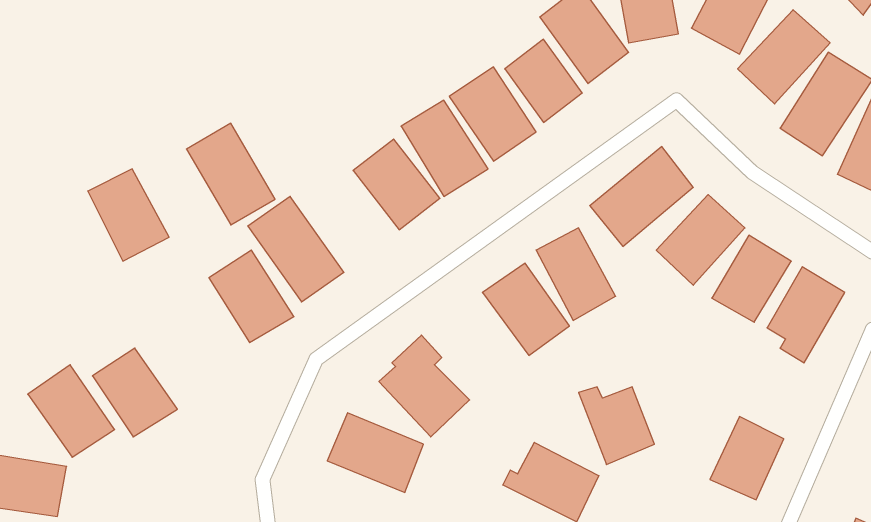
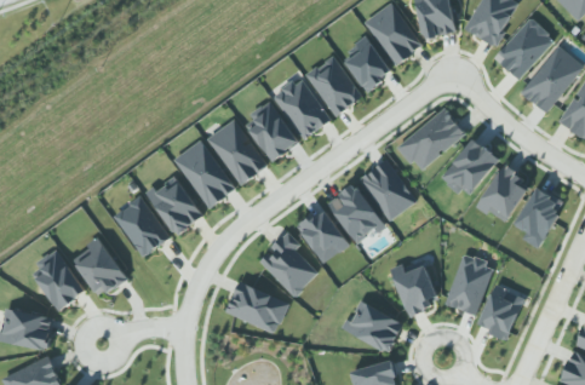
building: [186,123,275,225] -> [208,120,266,186]
building: [88,169,169,261] -> [115,197,168,258]
building: none -> [298,208,349,264]
building: none -> [445,255,494,316]

